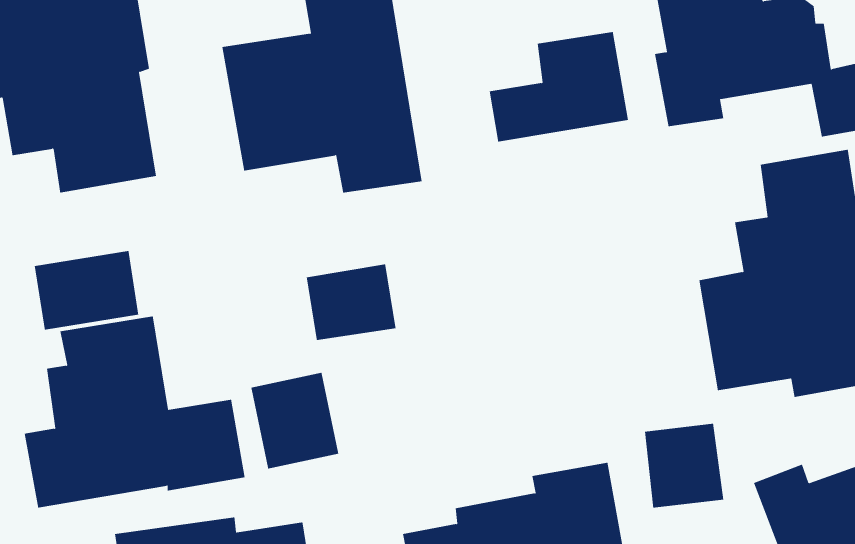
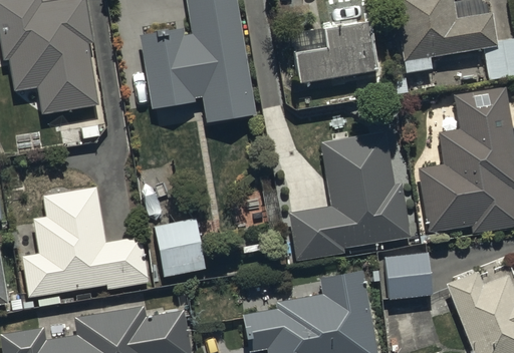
building: none -> [285,130,411,263]
building: [34,250,139,330] -> none
building: [306,263,396,341] -> none

